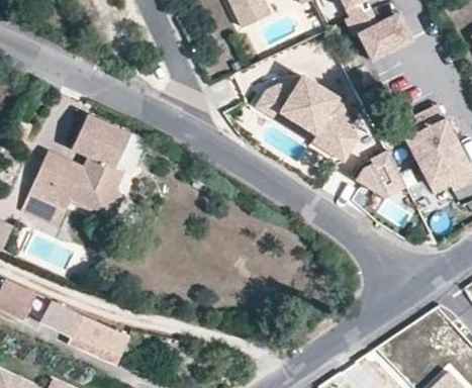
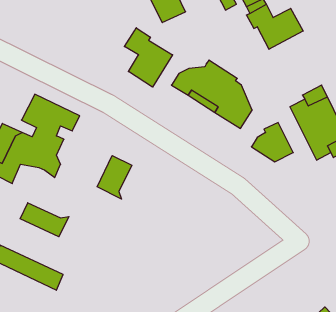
building: none -> [124,28,173,87]
building: none -> [97,156,132,199]
building: none -> [20,203,69,237]

